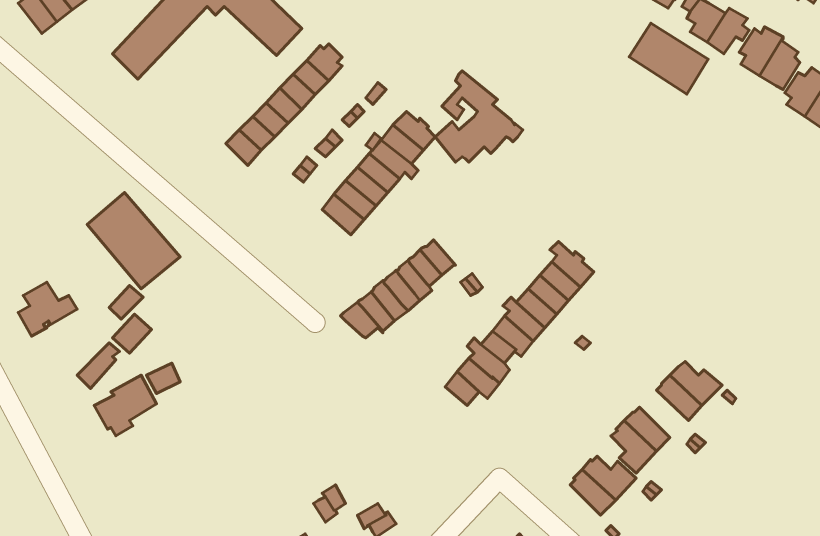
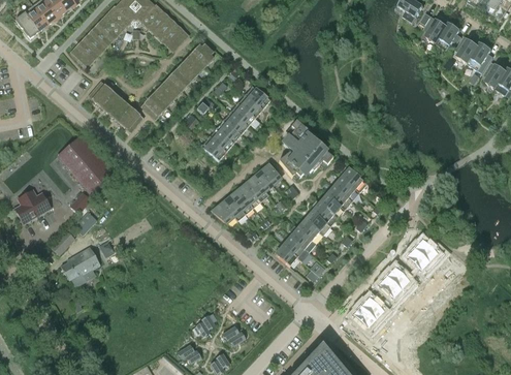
building: [629,23,708,94] -> none
building: [435,71,523,162] -> [279,121,332,177]
building: none -> [89,82,142,131]

